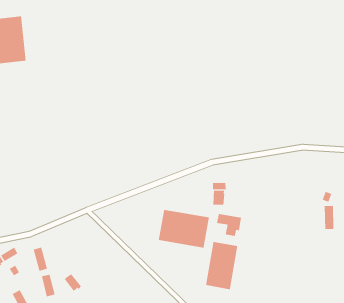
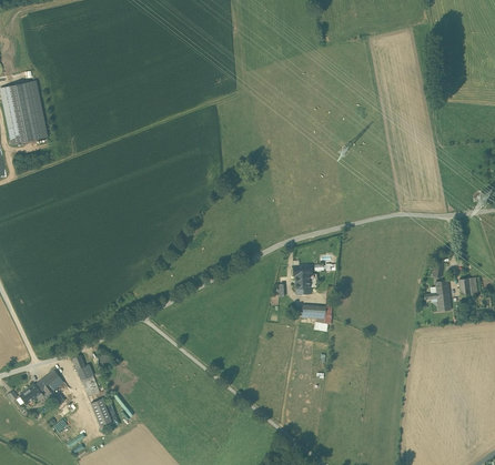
building: [158,209,210,248] -> none
building: [206,241,238,290] -> none

